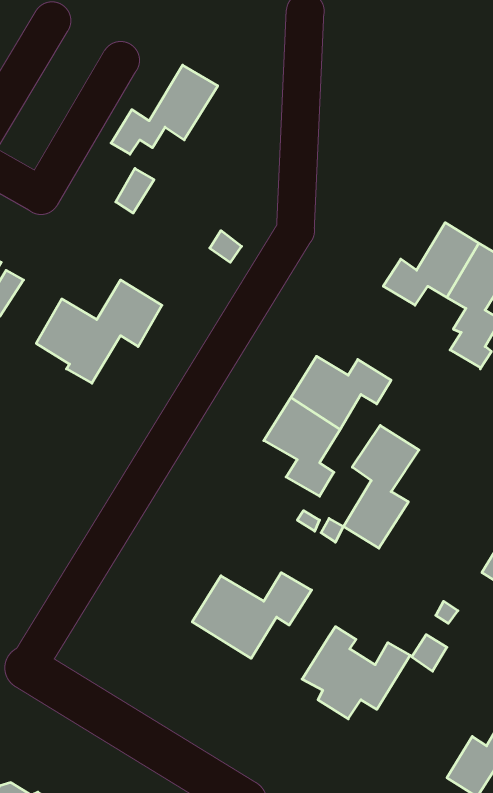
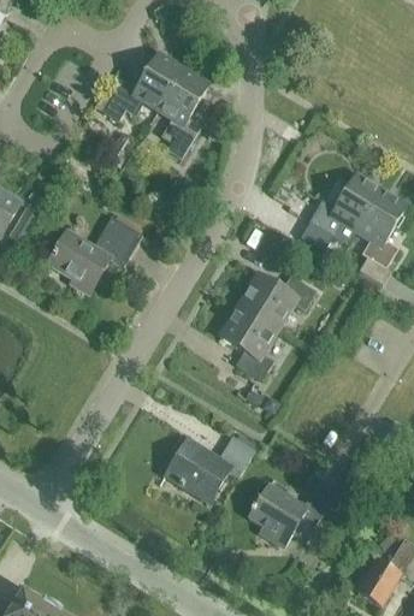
building: none -> [159,69,208,158]
building: [343,425,419,548] -> none

